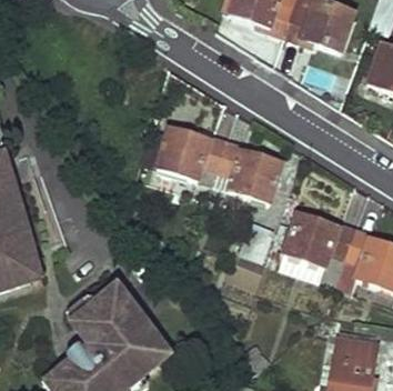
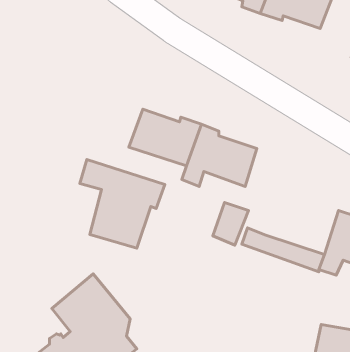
building: none -> [80,159,165,248]
building: [286,210,357,268] -> none

